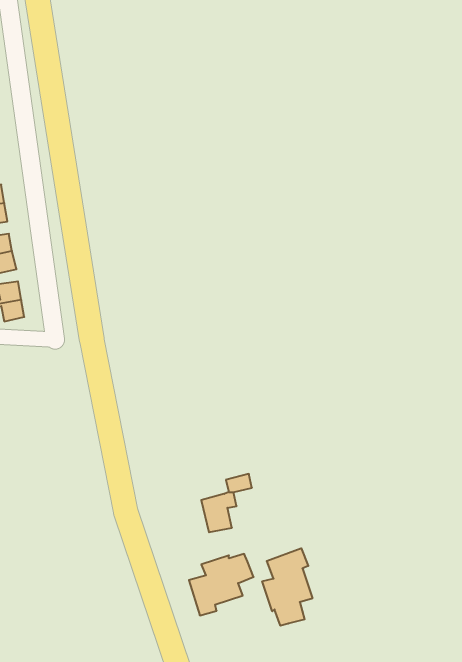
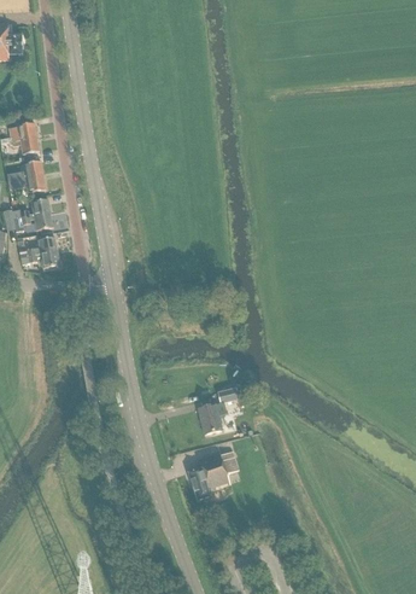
building: [262,548,312,626] -> none

